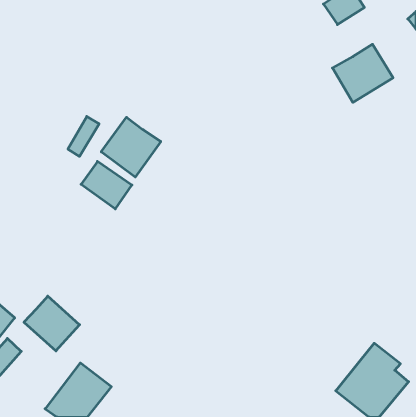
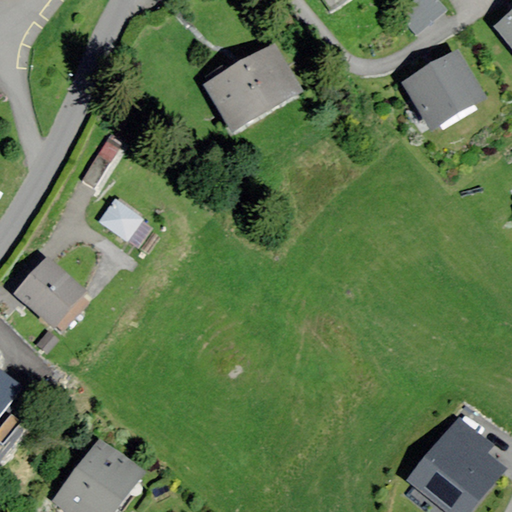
building: none -> [207,47,296,127]
building: [101,117,161,177] -> none
building: [24,296,80,351] -> [15,259,83,326]

